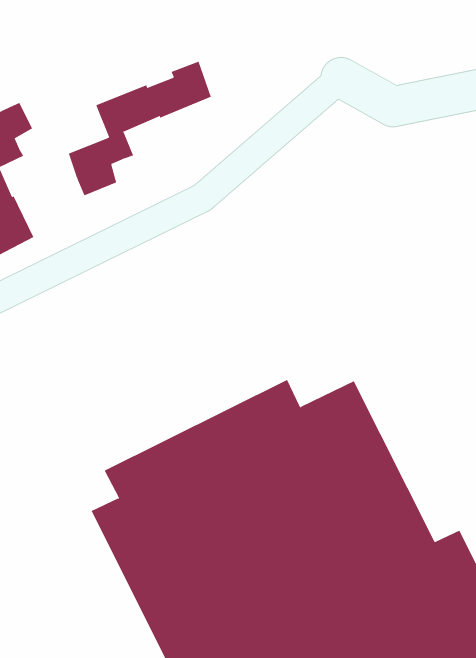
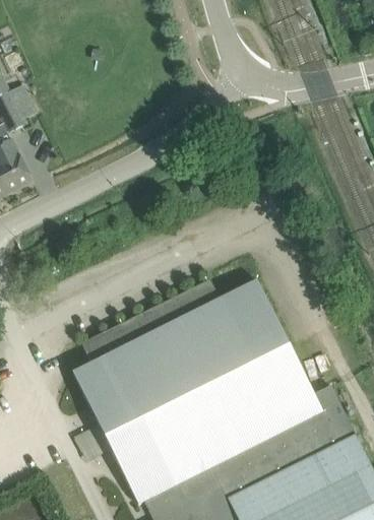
building: [68,61,212,196] -> none

